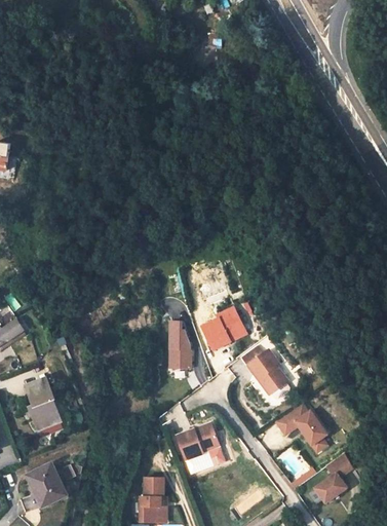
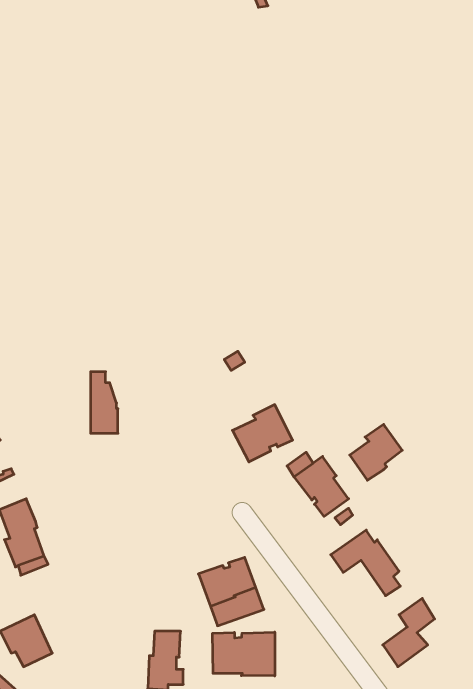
building: none -> [350,424,402,480]
building: [170,323,191,369] -> [91,372,118,433]
building: none -> [213,632,275,676]

